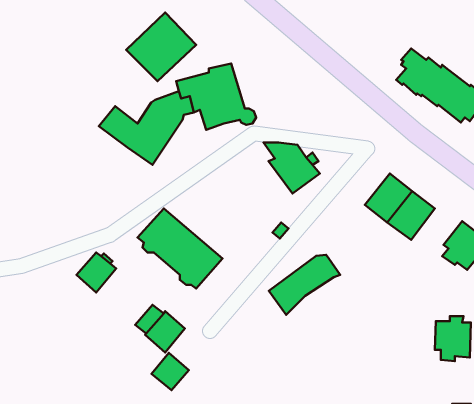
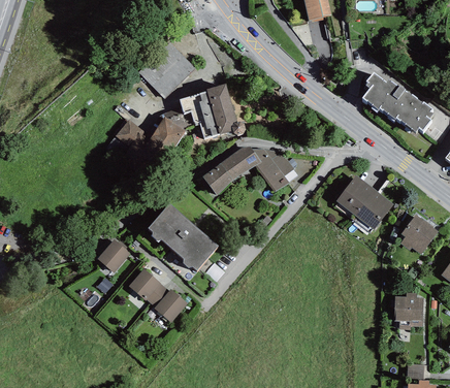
building: [269,255,340,315] -> [202,146,261,195]
building: [152,353,189,390] -> [129,268,160,299]

